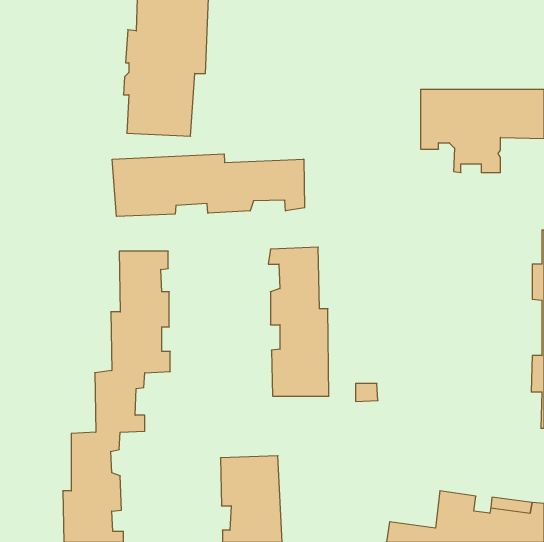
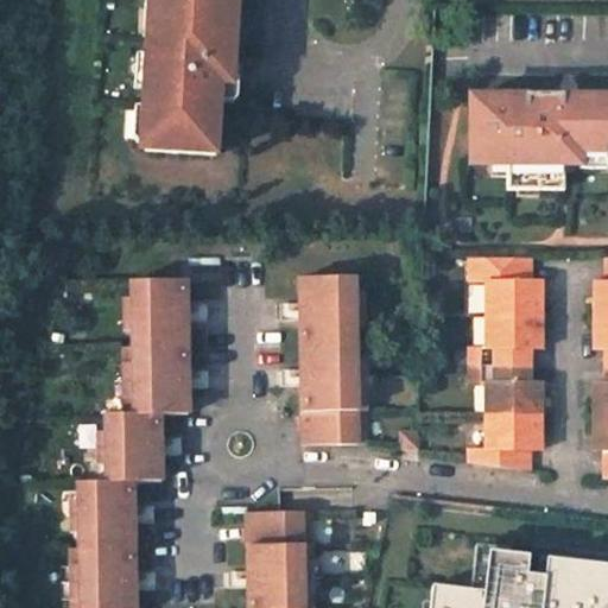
building: [112,154,305,216] -> none
building: none -> [468,256,540,469]

